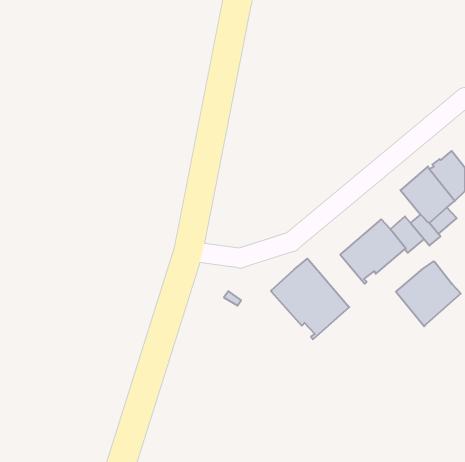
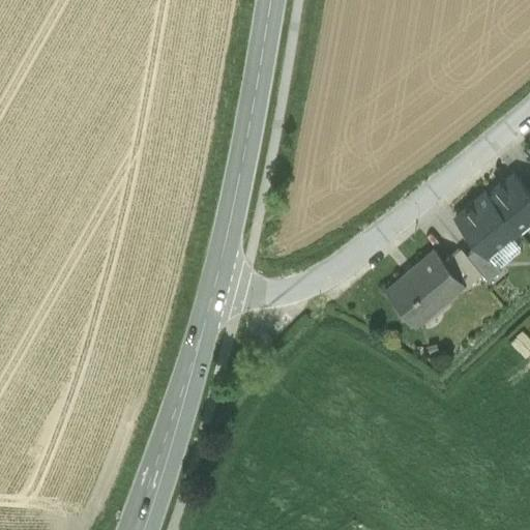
building: [271,259,349,339] -> none
building: [396,261,461,326] -> none

